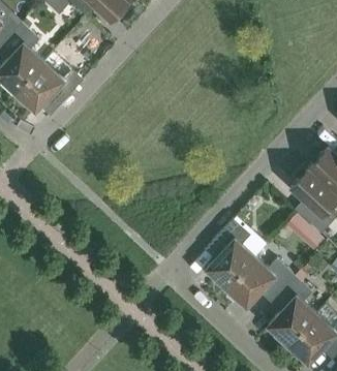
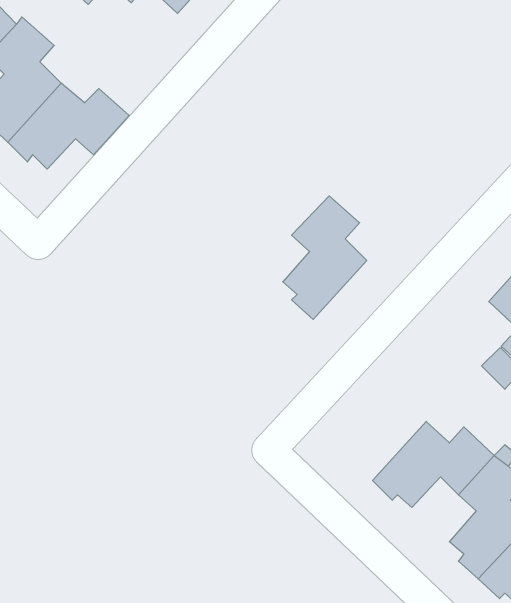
building: [206,219,254,290] -> [283,196,367,319]

